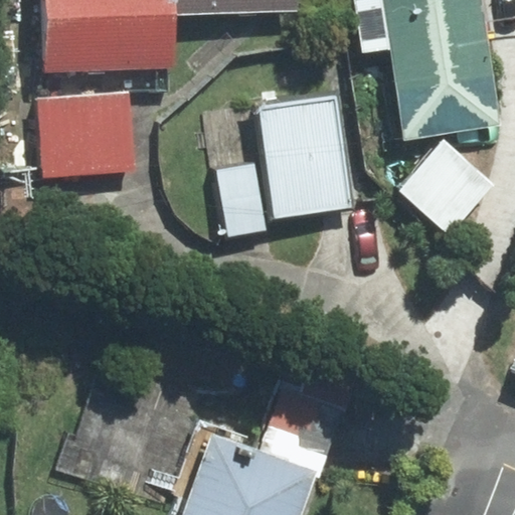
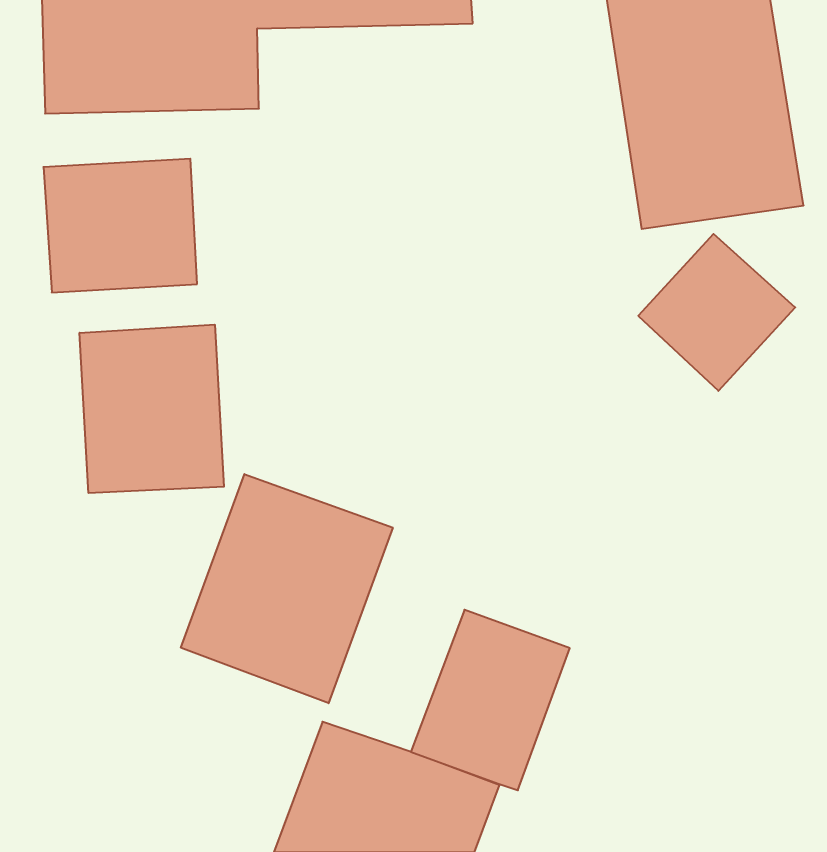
building: [225,100,350,235] -> none
building: none -> [80,325,224,493]
building: none -> [181,474,393,703]

